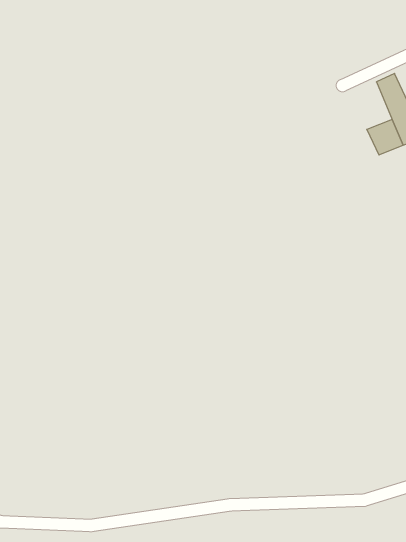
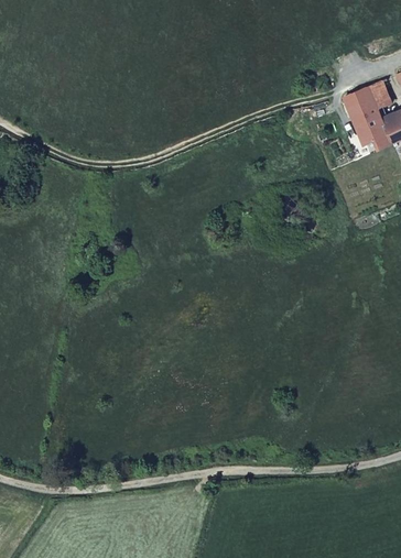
building: none -> [340,88,379,131]

